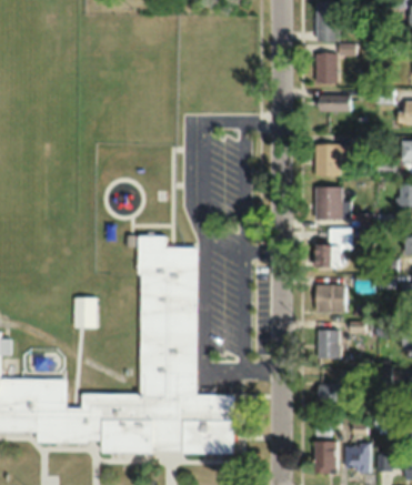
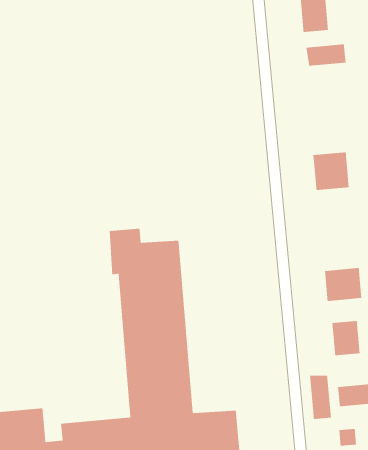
building: [316,144,355,175] -> none
building: [316,226,352,266] -> none
building: none -> [309,375,332,420]

